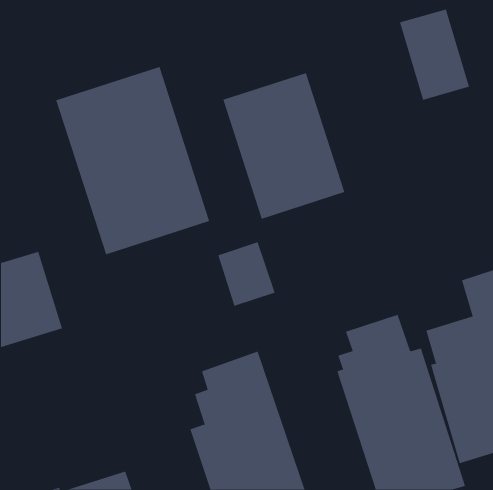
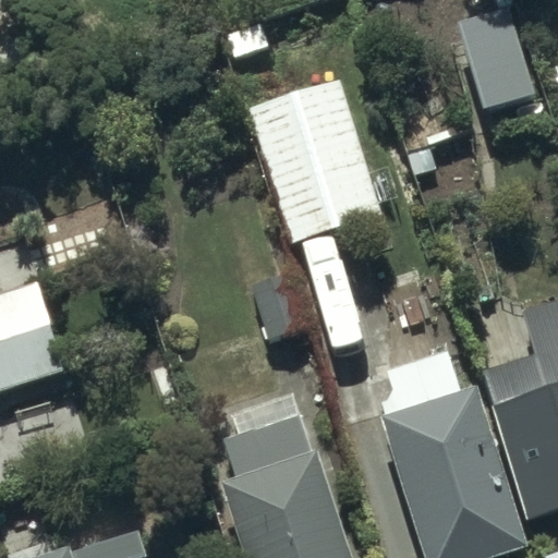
building: [56,66,210,255] -> none

